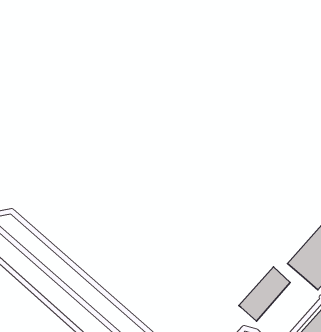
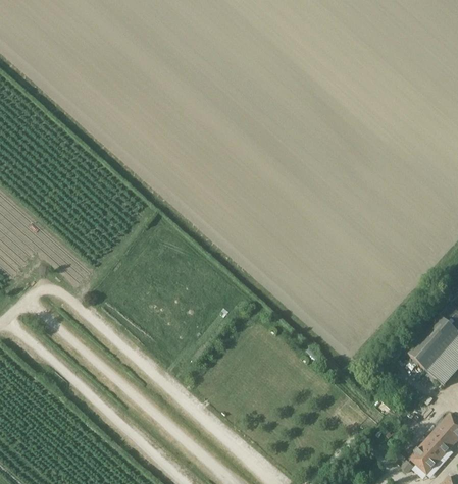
building: [239,267,290,321] -> none

